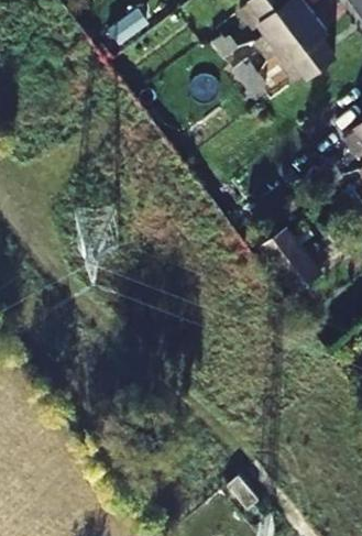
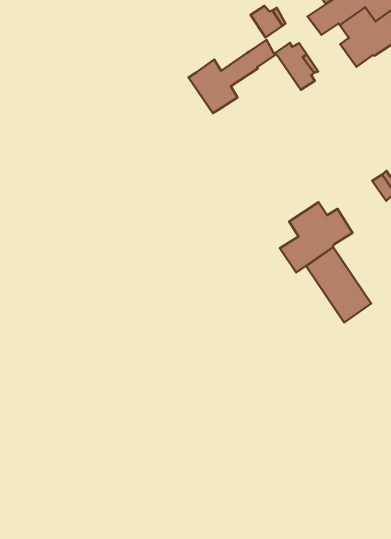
building: none -> [188,40,275,113]
building: none -> [280,202,352,273]

